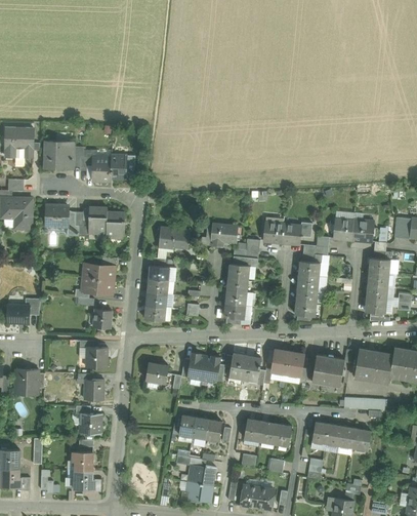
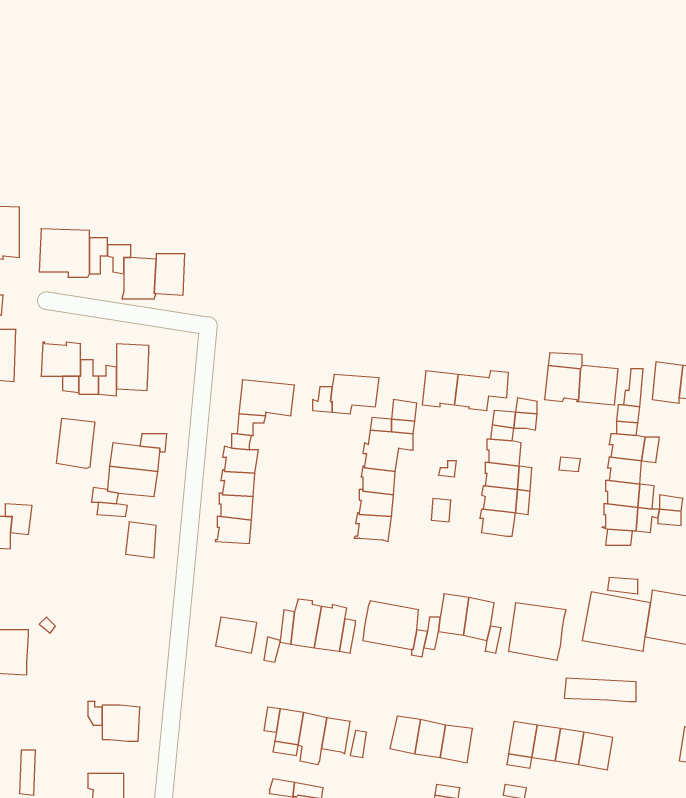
building: [106,211,125,238] -> none
building: none -> [57,418,95,469]
building: [86,346,107,367] -> none
building: [83,379,103,399] -> none

